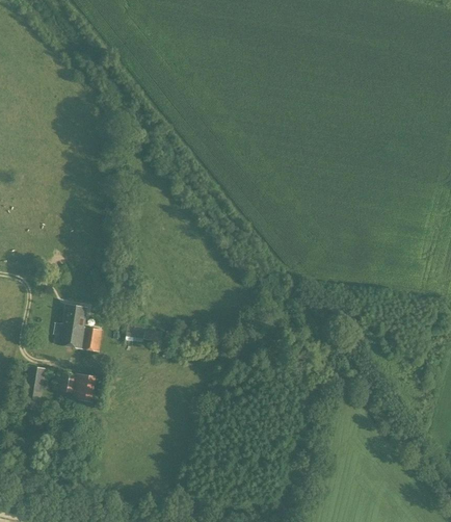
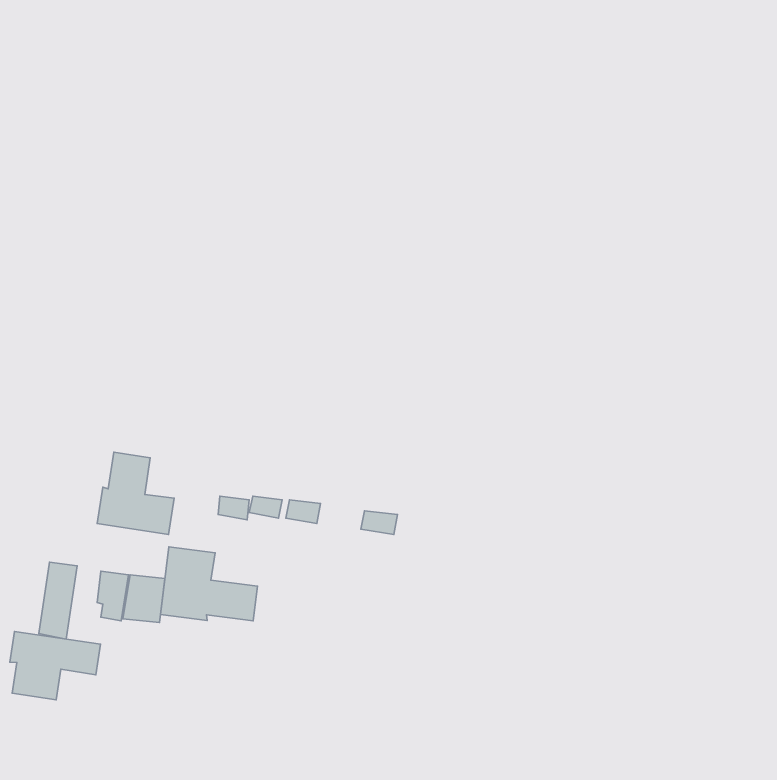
building: none -> [161,547,257,621]
building: none -> [10,631,100,700]

